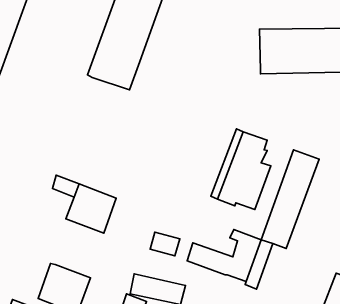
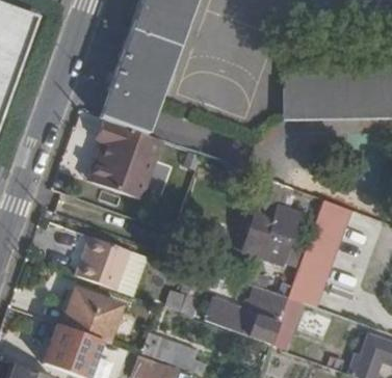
building: none -> [92,120,162,199]
building: none -> [62,290,122,342]

